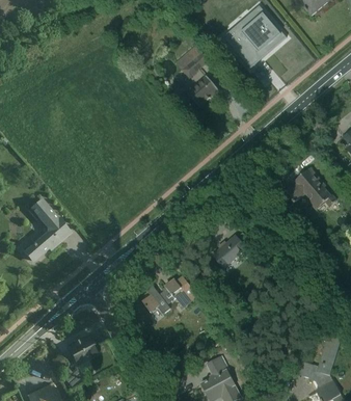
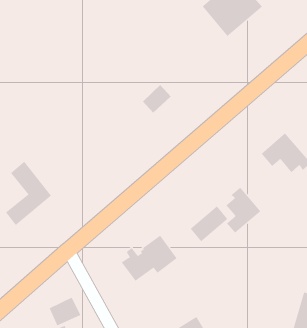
building: [172,49,203,77] -> none
building: [188,76,218,106] -> [142,84,171,114]
building: none -> [225,187,261,234]

